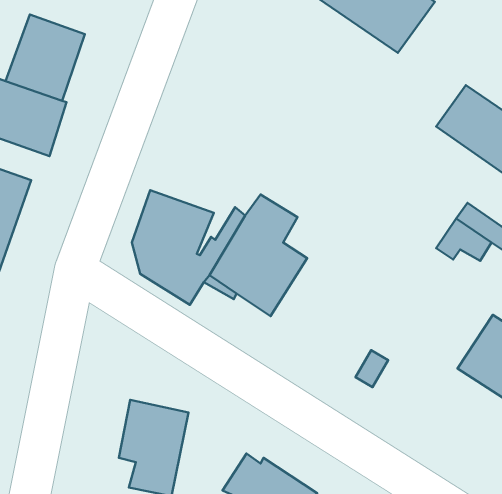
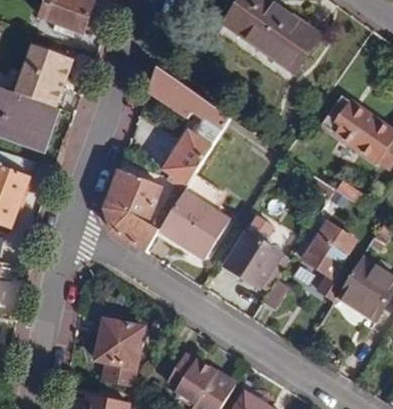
building: none -> [150,66,230,187]
building: none -> [303,220,357,276]
building: none -> [223,230,282,285]

